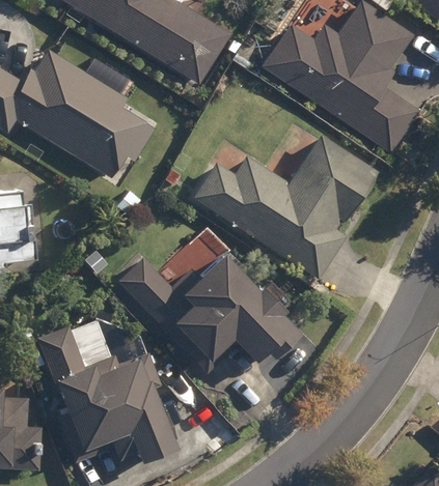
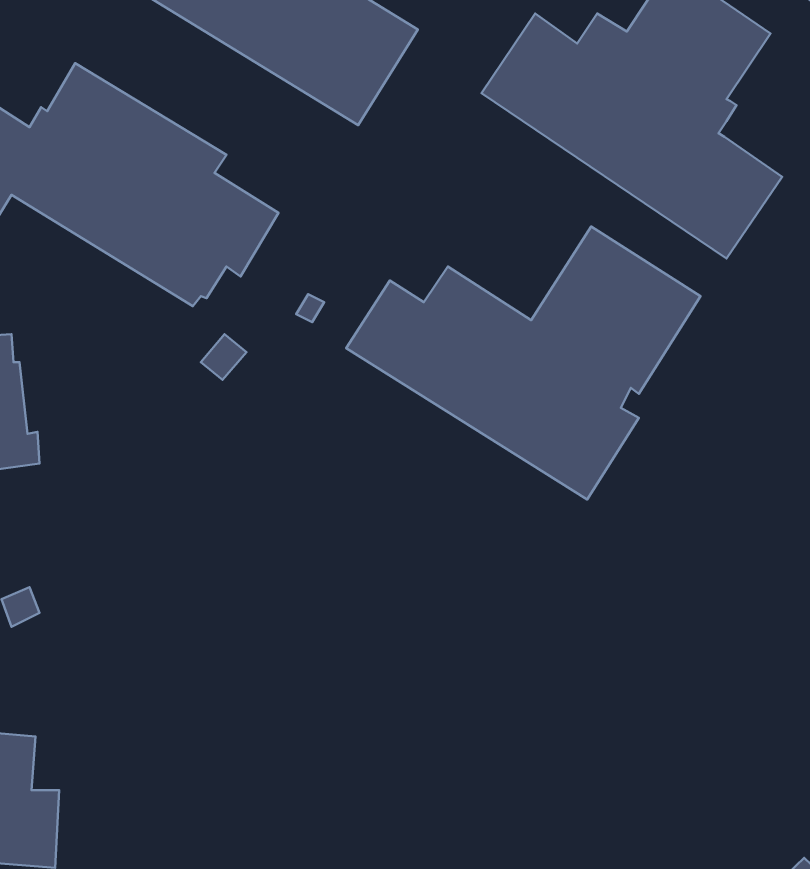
building: [116,255,300,371] -> none
building: [36,317,181,462] -> none

